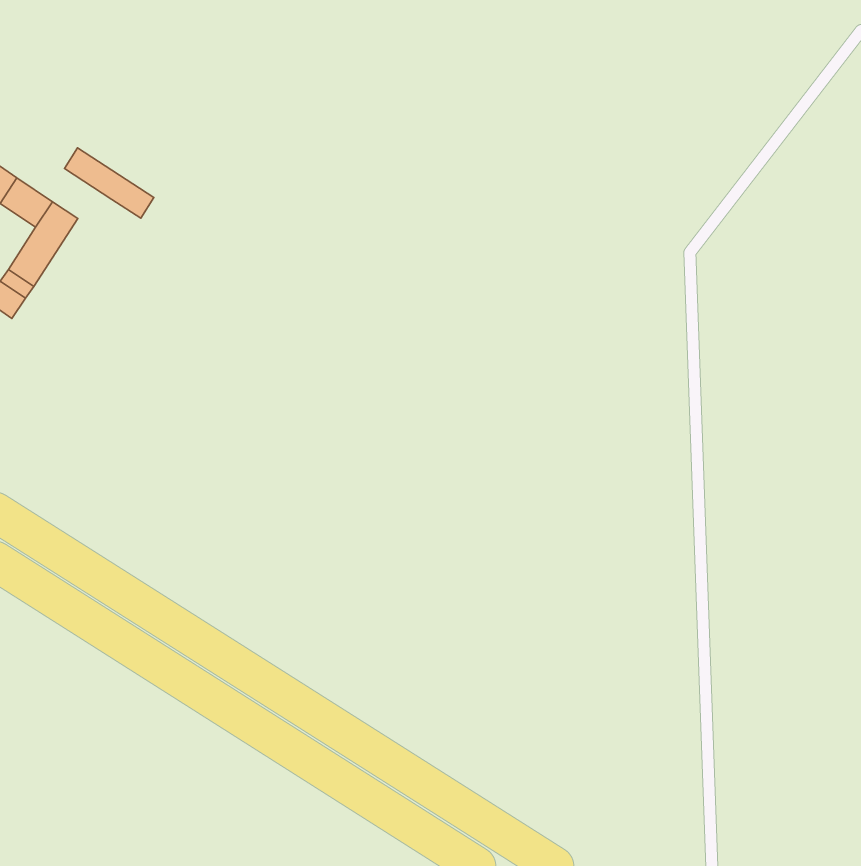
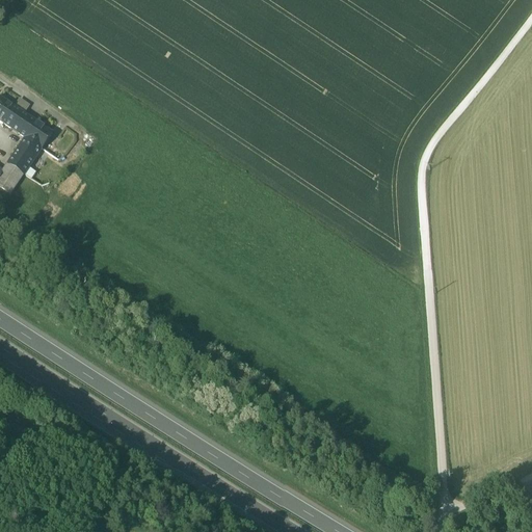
building: [64,148,154,218] -> none

